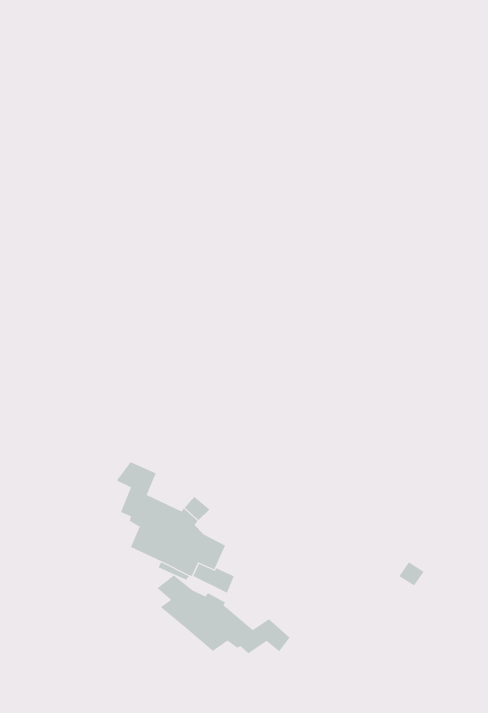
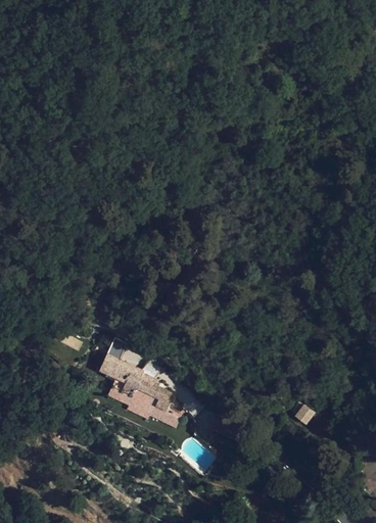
building: [157,575,290,654] -> none

